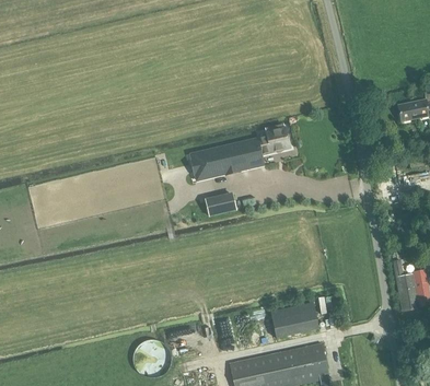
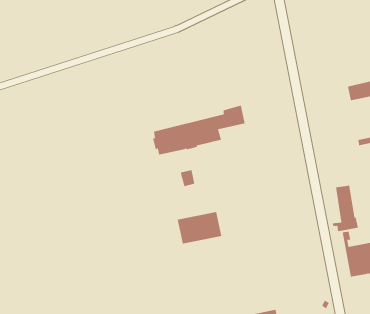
building: none -> [333,185,359,232]
building: [270,302,318,337] -> [177,211,222,244]

